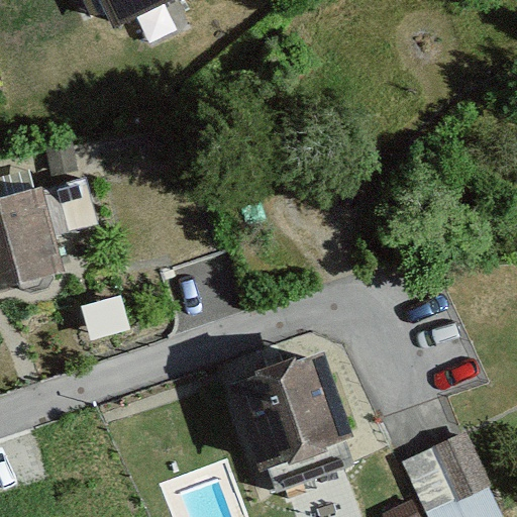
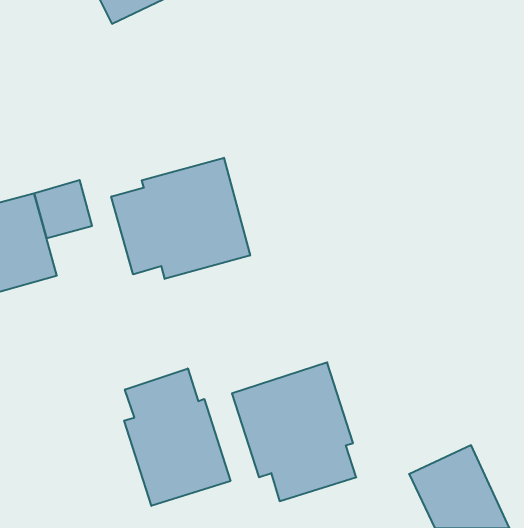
building: none -> [111,158,250,279]
building: none -> [124,368,230,506]

